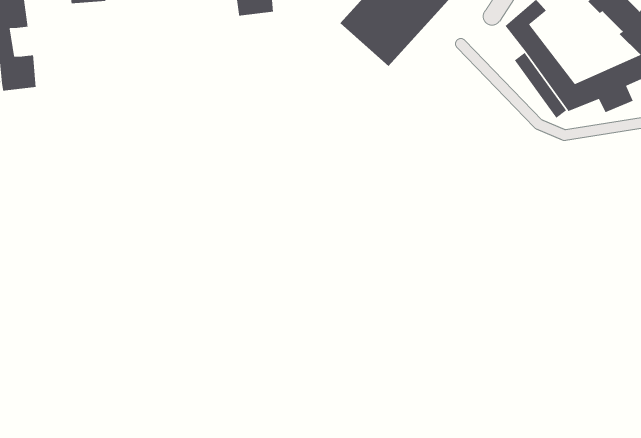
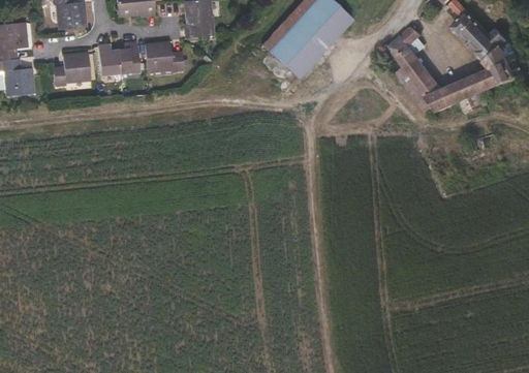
building: none -> [98,41,141,74]
building: none -> [146,41,185,71]
building: none -> [53,60,89,92]

